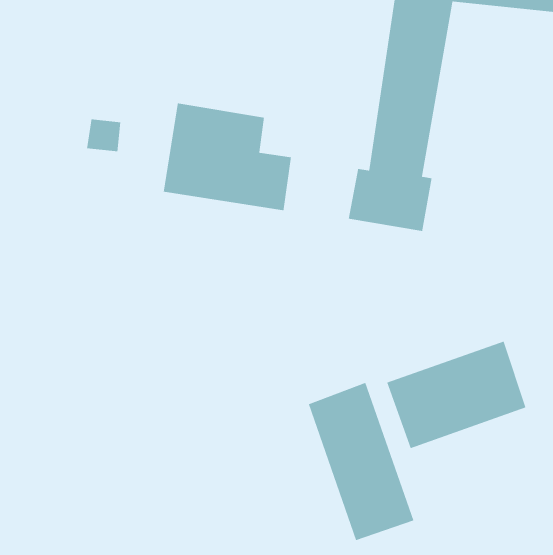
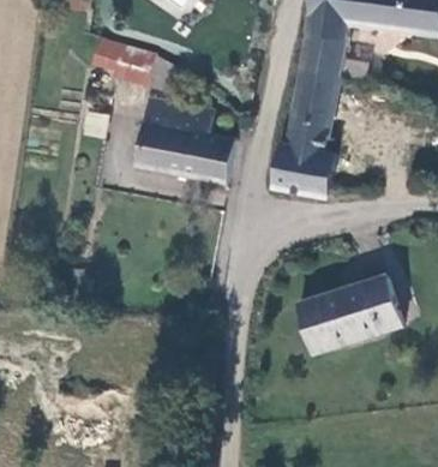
building: none -> [103,47,164,88]
building: [308,382,415,541] -> none

